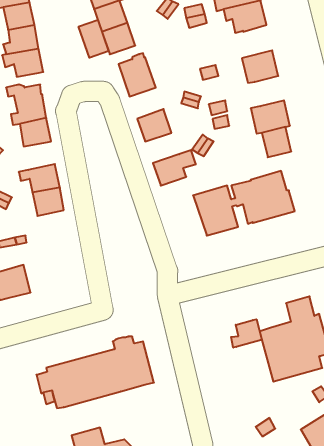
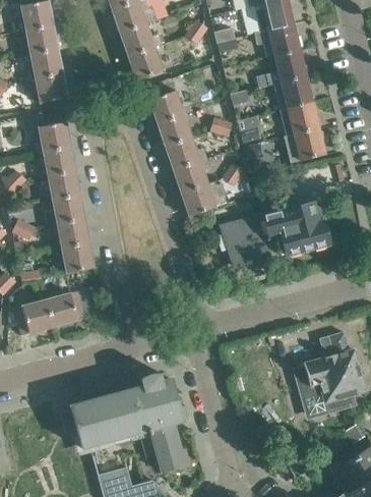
building: [79,20,109,58] -> none
building: none -> [256,49,305,88]
building: none -> [157,114,192,147]
building: [262,127,291,157] -> [287,102,317,133]
building: none -> [173,161,208,192]
building: none -> [47,170,79,200]
building: none -> [61,241,94,272]
building: none -> [47,287,98,327]
building: [231,319,262,348] -> none
building: none -> [147,423,184,471]

